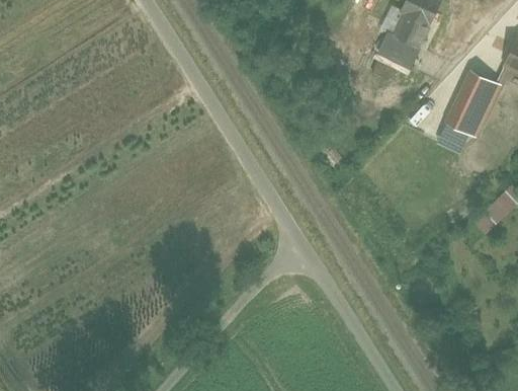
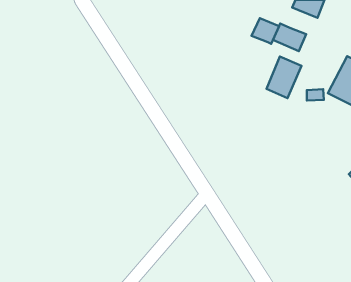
building: [397,15,431,48] -> [252,18,279,44]
building: none -> [267,57,302,98]

